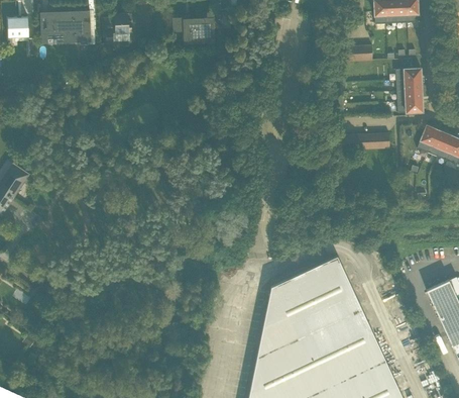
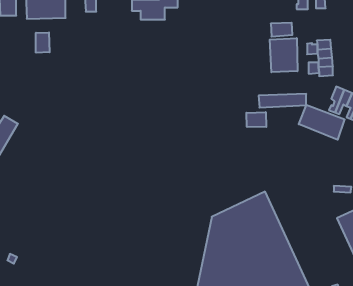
building: none -> [36,32,50,53]
building: none -> [270,38,297,72]
building: none -> [299,105,345,140]
building: none -> [246,112,266,127]

